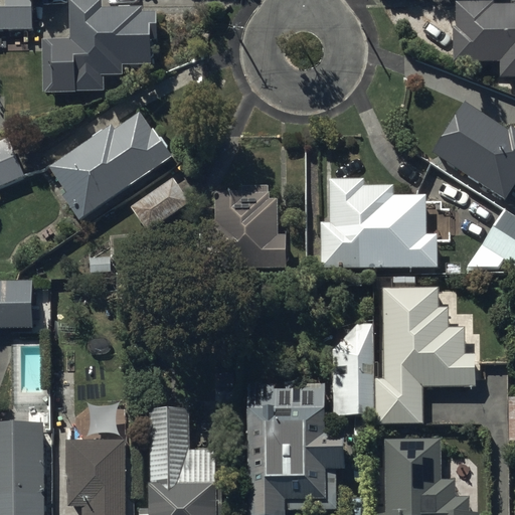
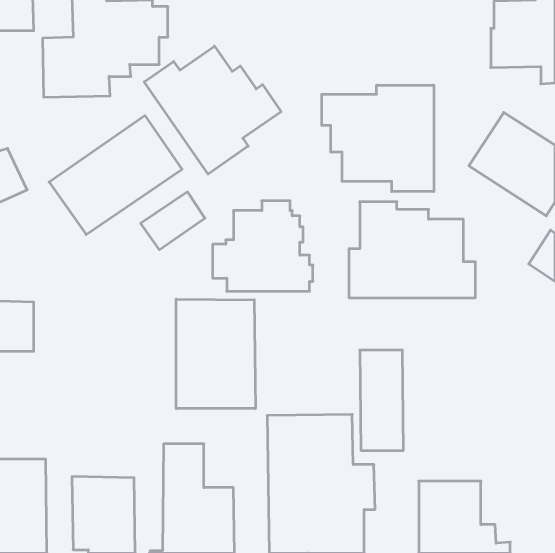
building: none -> [144,46,281,174]
building: none -> [322,85,434,192]
building: none -> [176,299,255,409]
building: [378,293,478,442] -> none

